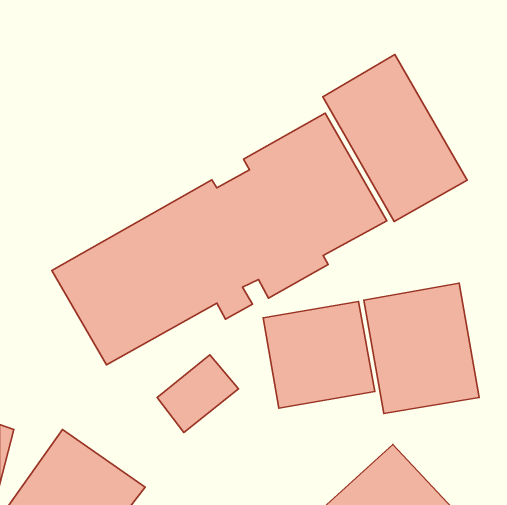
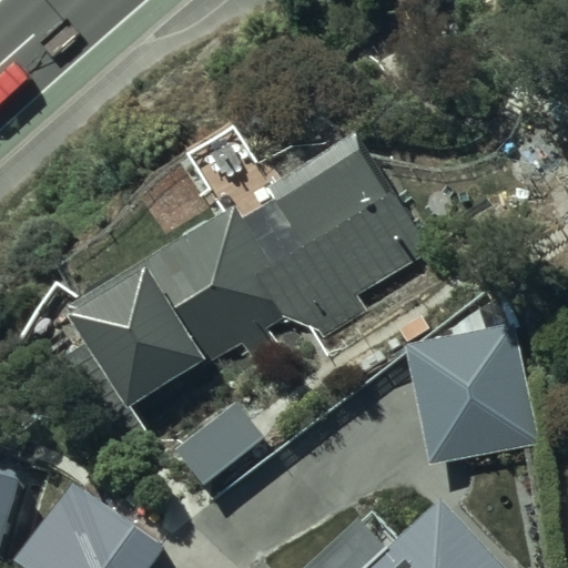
building: [323,54,467,222] -> none
building: [263,301,375,408] -> none

